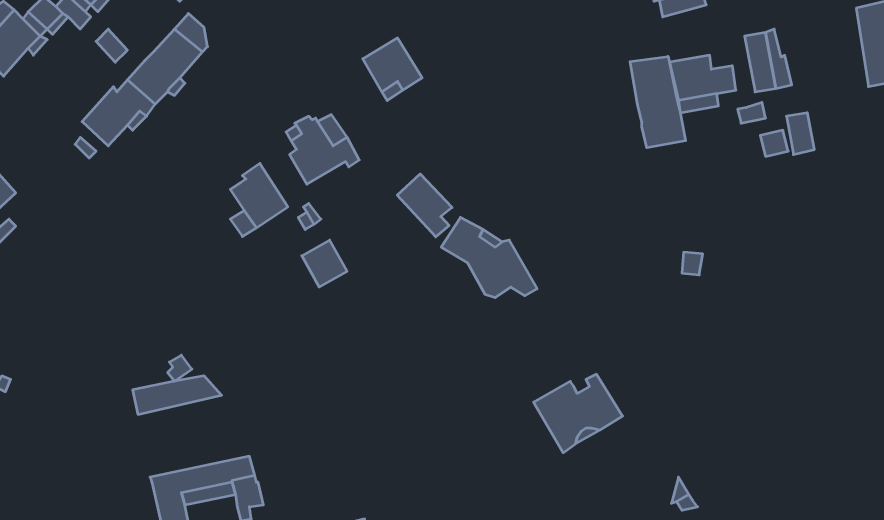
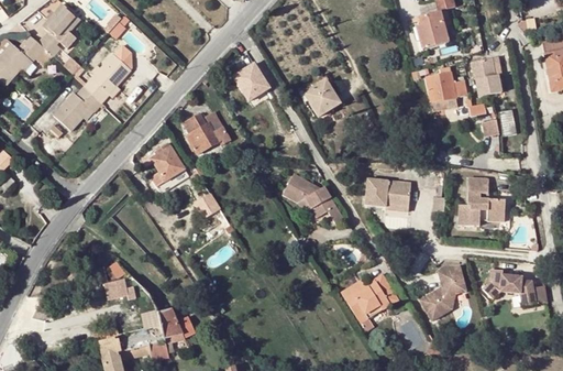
building: [630,56,686,148] -> none
building: none -> [303,79,340,116]
building: [397,174,452,237] -> none
building: none -> [460,177,507,227]
building: none -> [366,179,411,208]
building: none -> [418,266,465,321]
building: none -> [484,268,549,305]
building: none -> [157,307,185,342]

